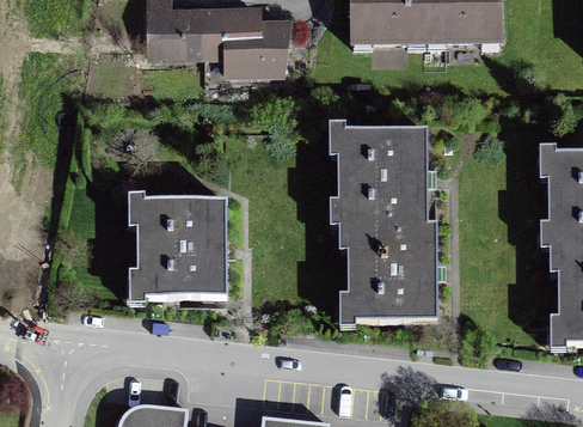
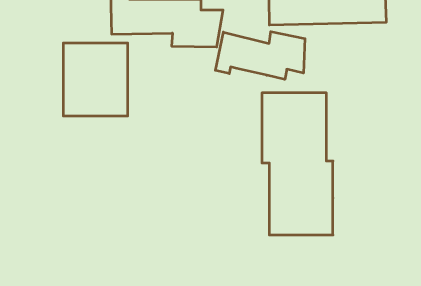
building: none -> [215,32,305,79]
building: [141,201,225,295] -> [63,43,128,116]

